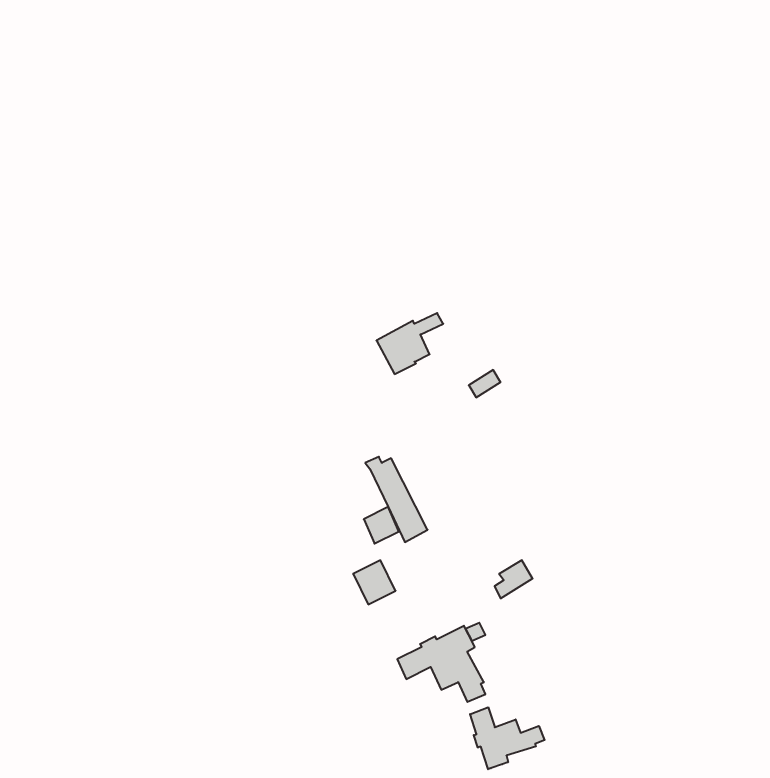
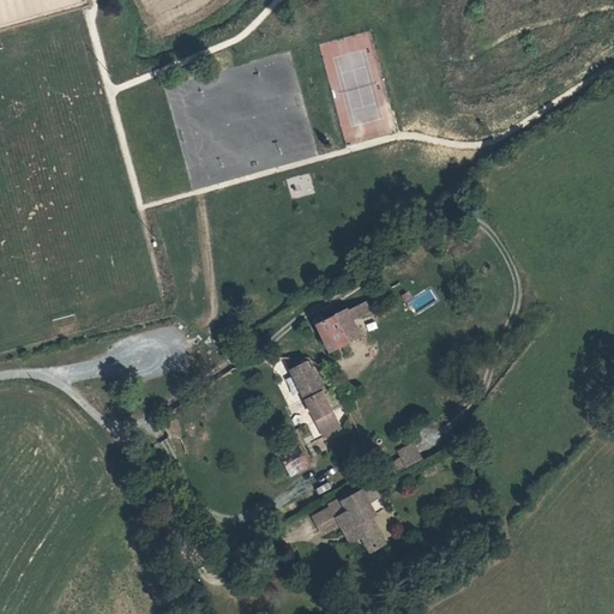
building: [376,313,443,374] -> [318,301,371,349]
building: [470,707,545,769] -> none

